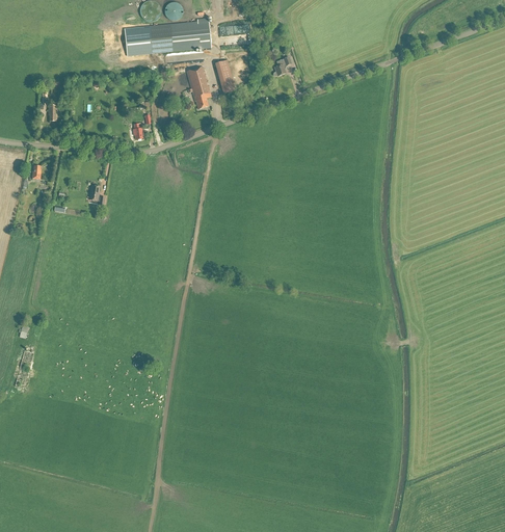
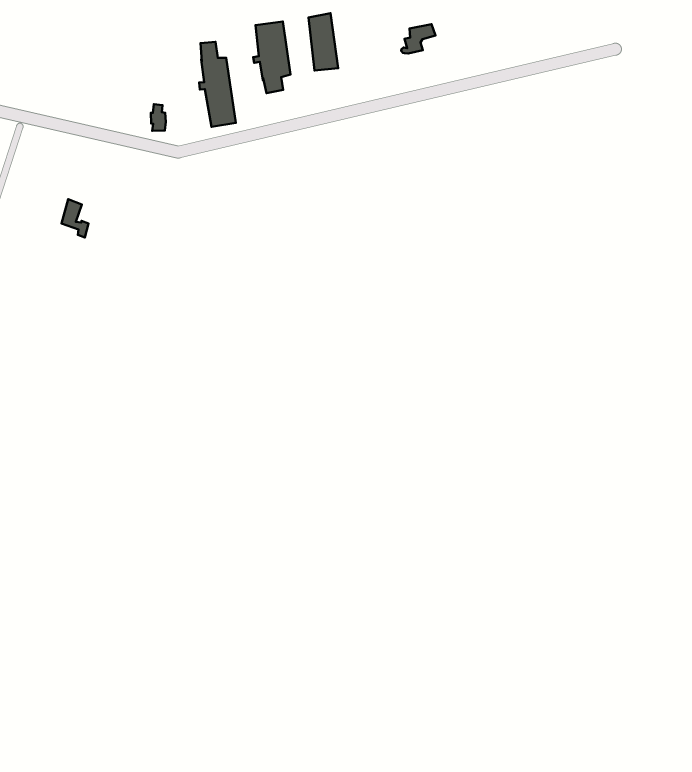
building: none -> [199,42,236,127]

